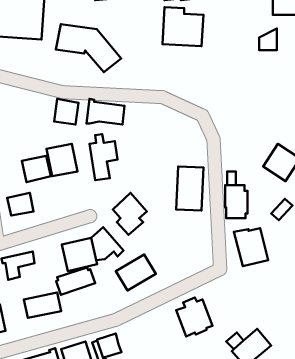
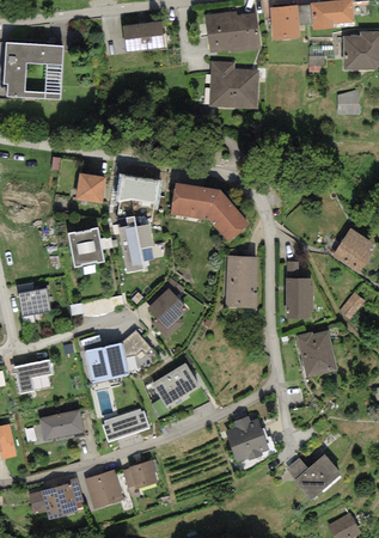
building: [56,24,121,72] -> [170,183,250,242]
building: [22,156,51,182] -> none
building: [56,267,95,295] -> [102,408,149,441]

